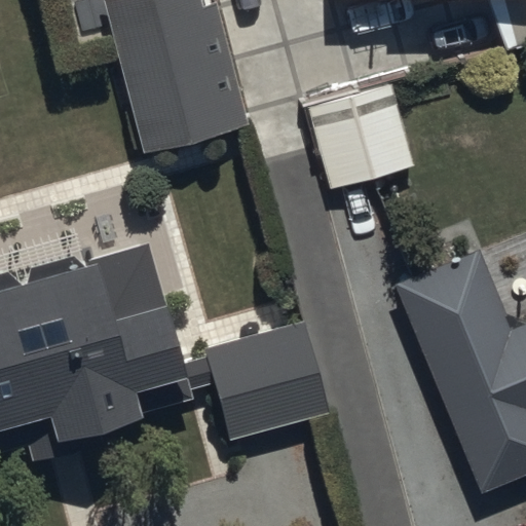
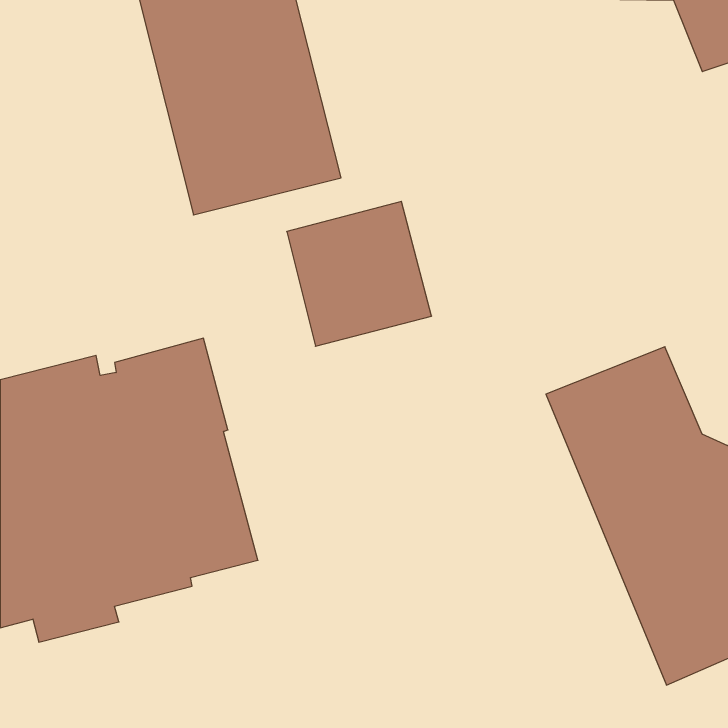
building: [310,84,414,188] -> [287,201,432,346]
building: [204,320,329,440] -> none

